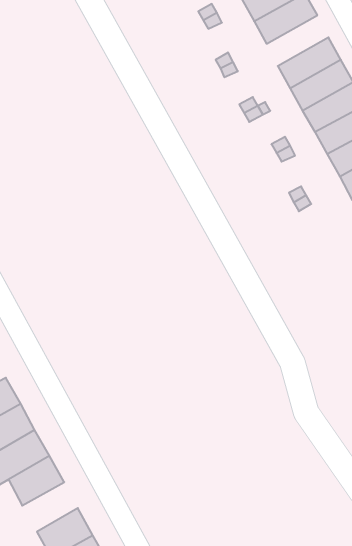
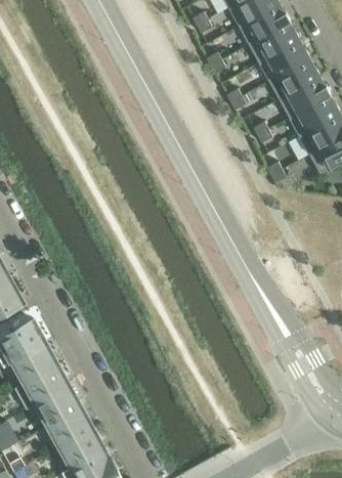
building: none -> [249,23,300,64]
building: none -> [47,407,93,448]

